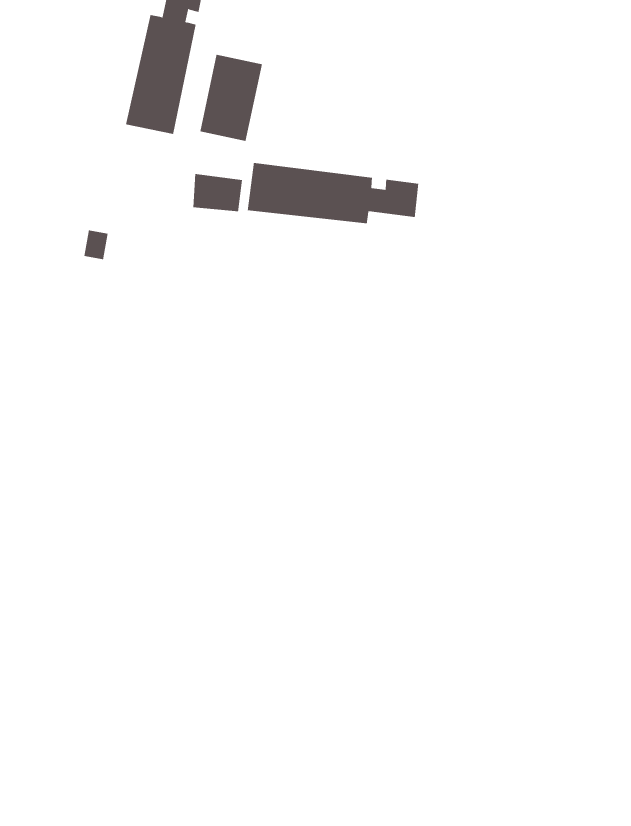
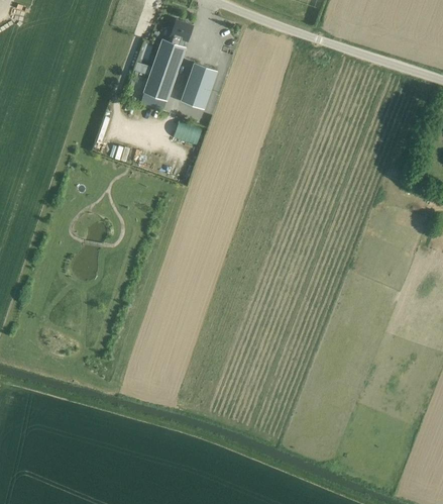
building: [247,162,419,224] -> none

